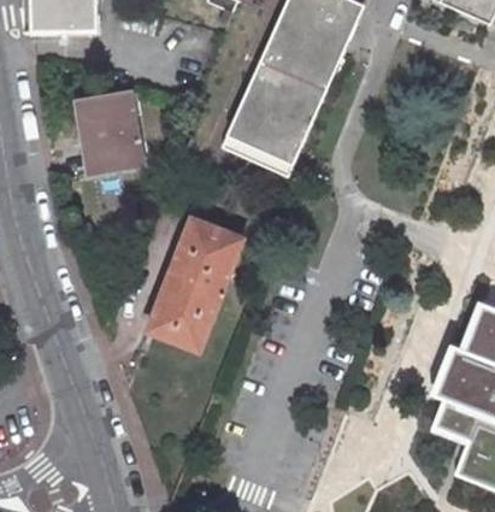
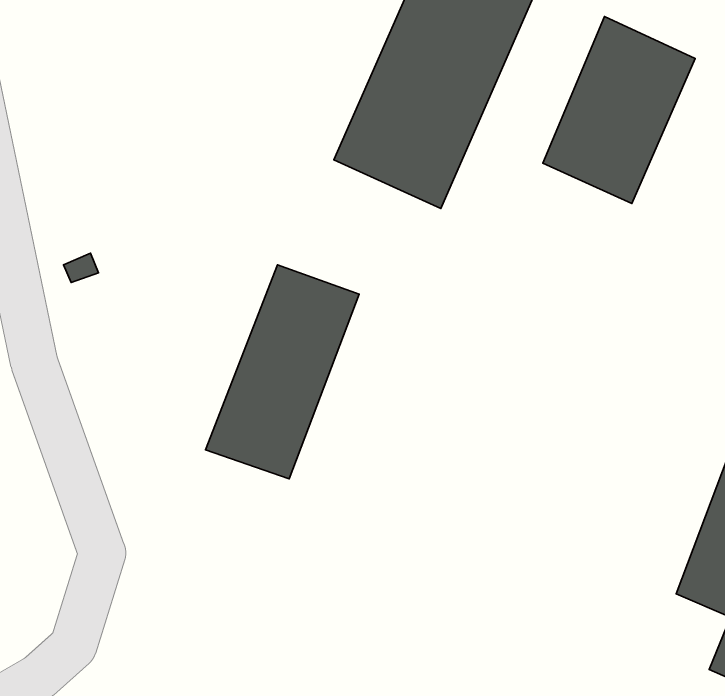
building: none -> [543,17,695,203]
building: [72,92,136,172] -> none

